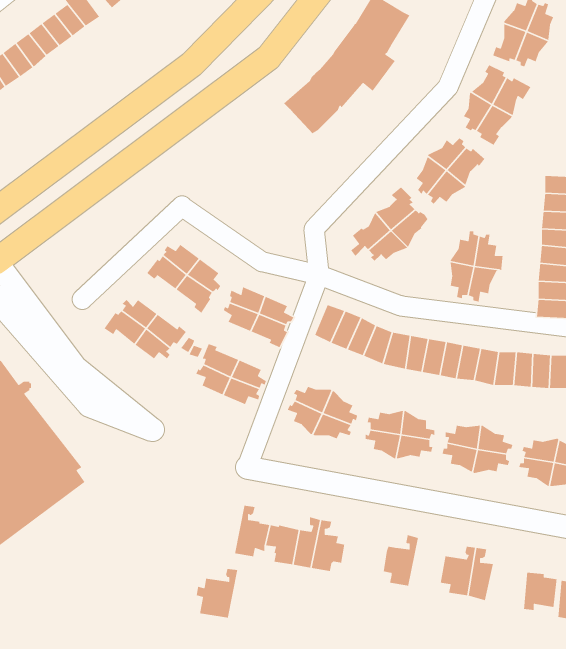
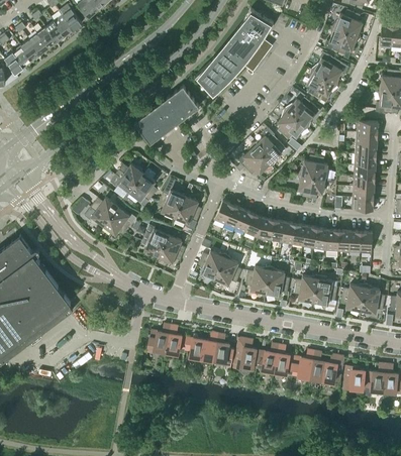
building: none -> [134,86,199,144]
building: none -> [233,337,257,371]
building: none -> [273,345,295,377]
building: none -> [320,354,344,386]
building: [196,568,238,619] -> [144,324,171,355]

